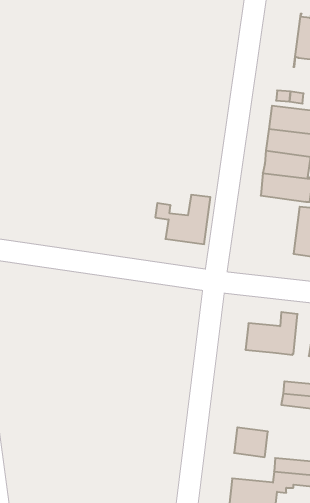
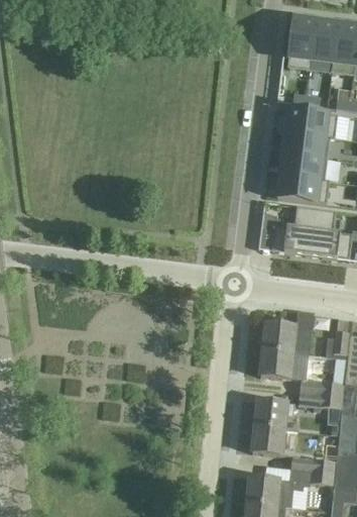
building: none -> [287,15,317,69]
building: [155,195,210,244] -> [261,205,316,253]
building: none -> [260,348,292,378]
building: none -> [254,399,294,429]

